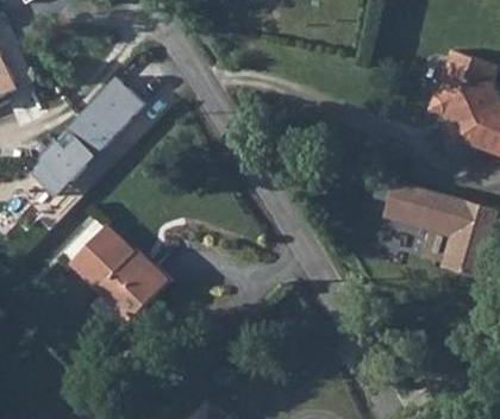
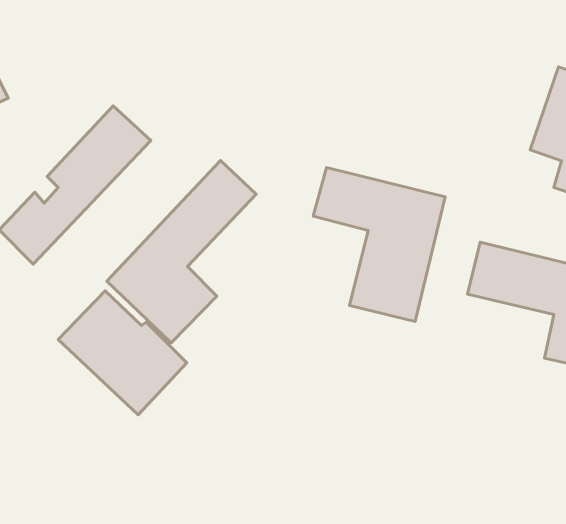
building: none -> [107,161,256,343]
building: none -> [313,168,445,321]

